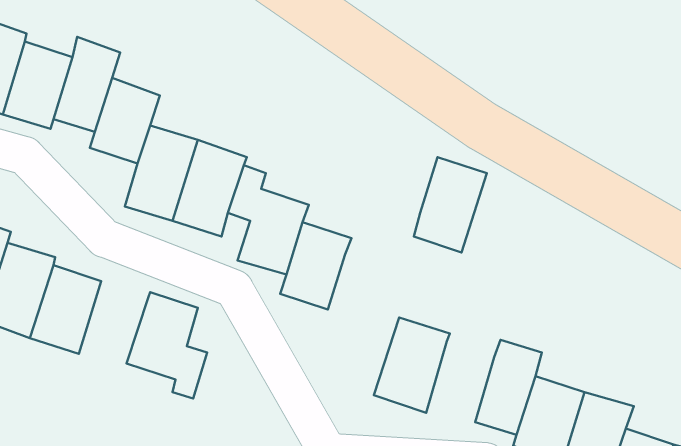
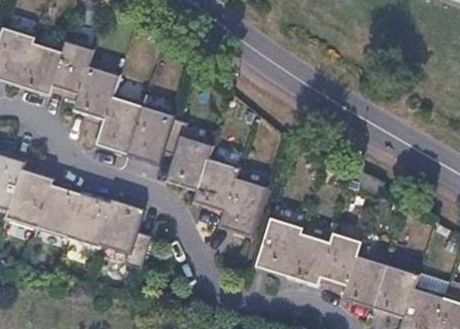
building: [414,157,487,253] -> [221,176,267,236]
building: none -> [67,193,111,248]
building: none -> [287,231,330,285]

